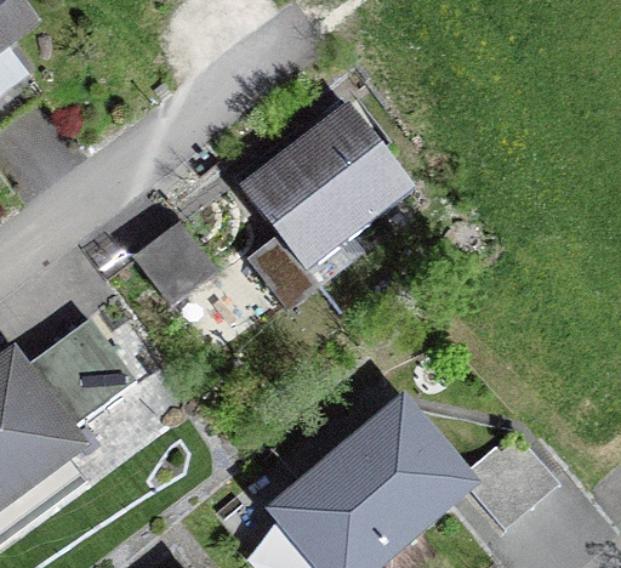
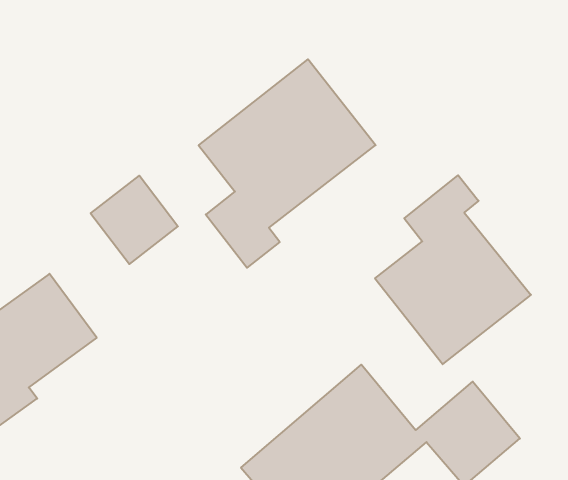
building: none -> [375,175,531,364]

